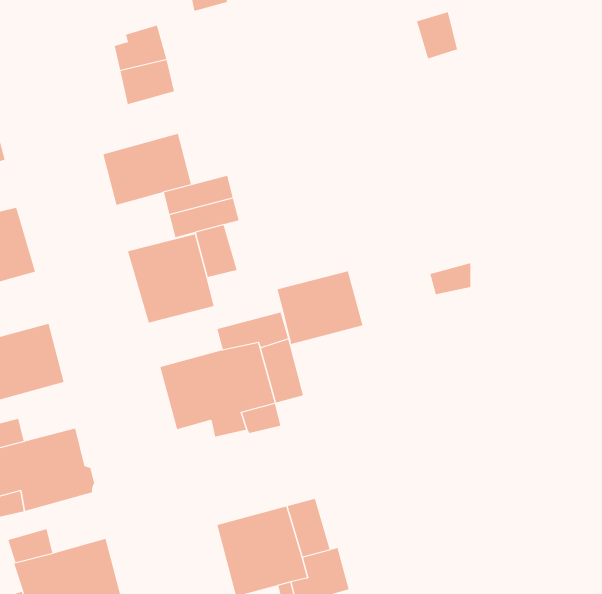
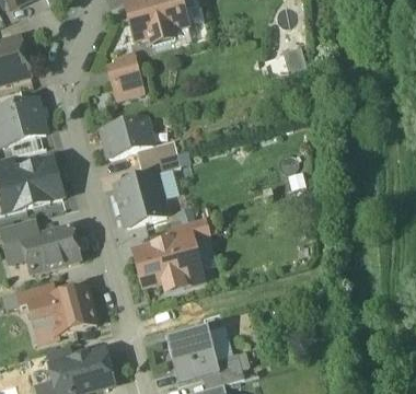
building: [277,270,363,345] -> none

